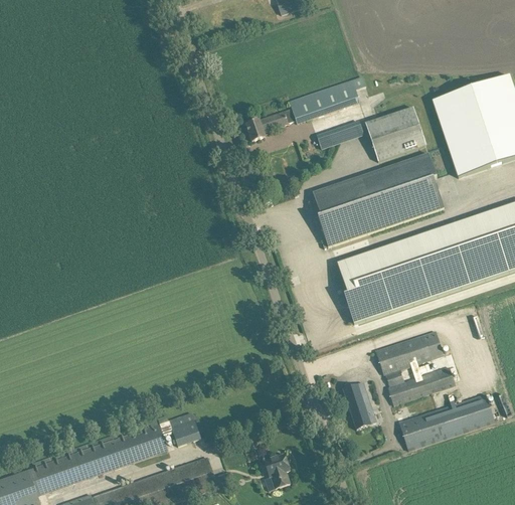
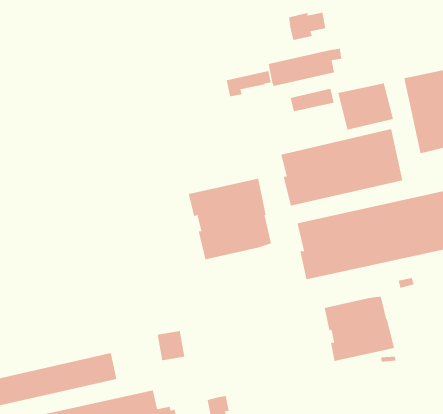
building: none -> [288,12,326,41]
building: none -> [188,178,271,260]
building: [343,380,377,428] -> none
building: [399,392,495,449] -> none
building: [168,409,200,444] -> [157,331,185,361]

